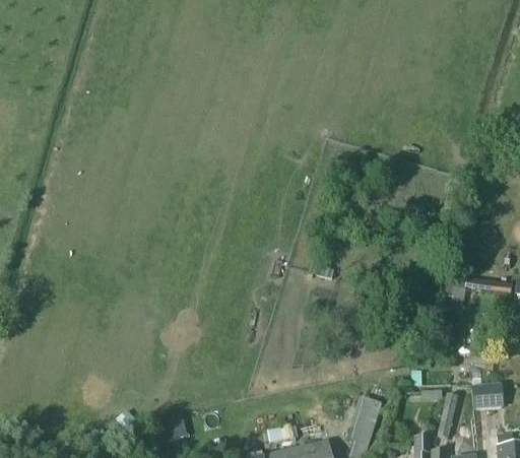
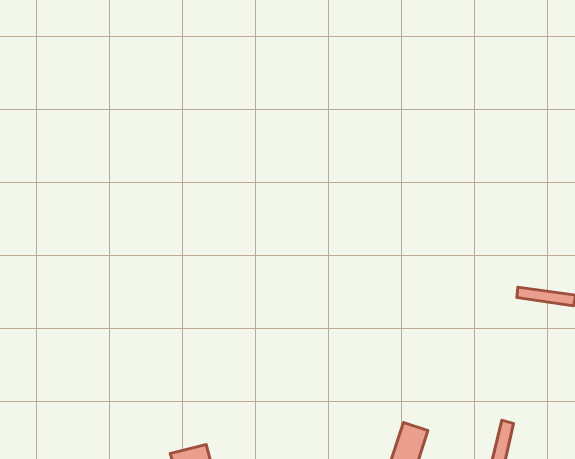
building: [471,385,502,411] -> none

